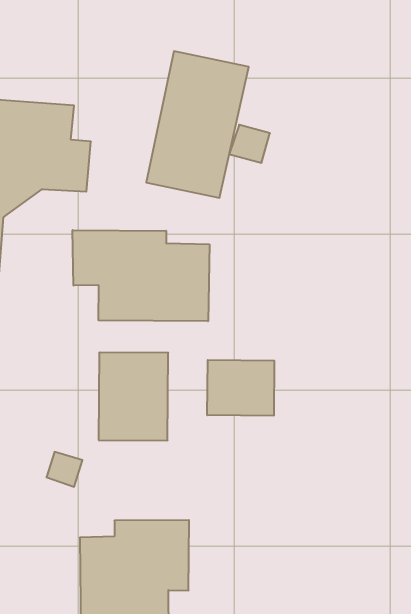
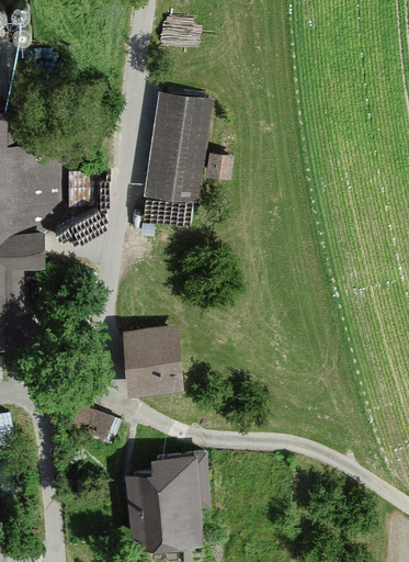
building: [73,230,209,321] -> none
building: [207,360,274,416] -> none

